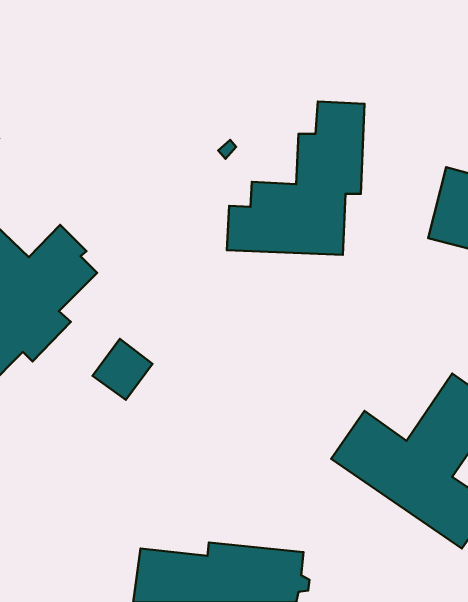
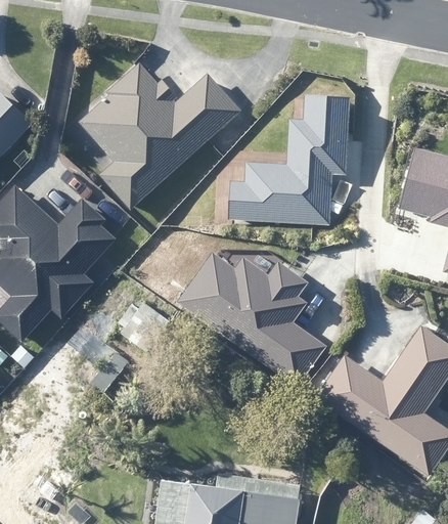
building: none -> [82,63,241,208]
building: none -> [178,252,323,385]

